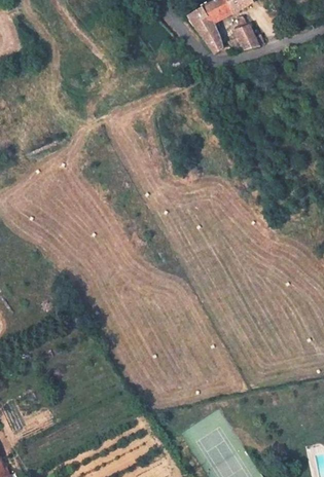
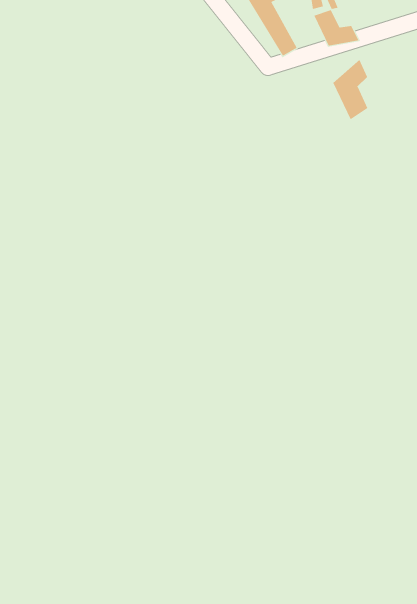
building: none -> [332,59,368,120]

